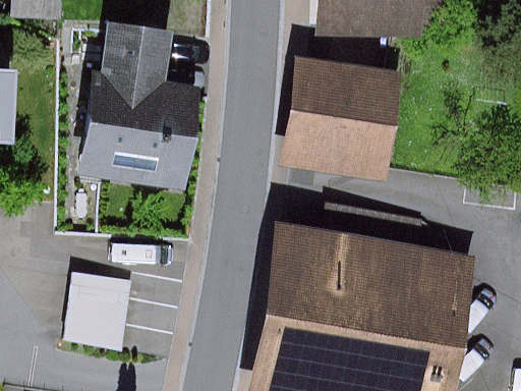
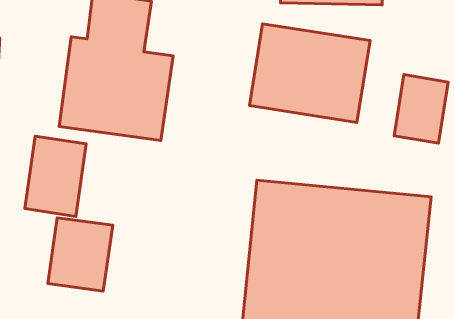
building: none -> [394,75,448,143]
building: none -> [25,136,86,216]

